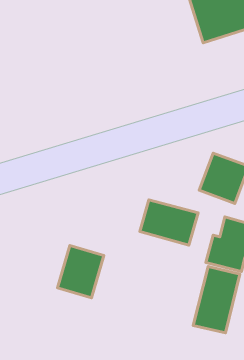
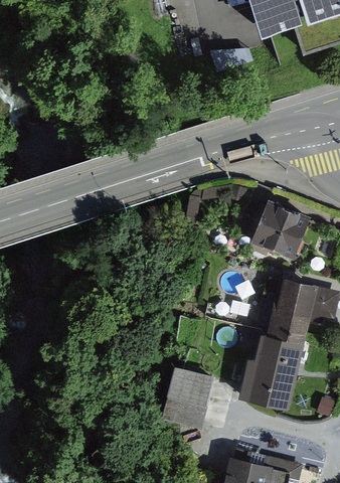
building: [140,200,198,245] -> none
building: [57,246,104,298] -> [165,360,221,424]

